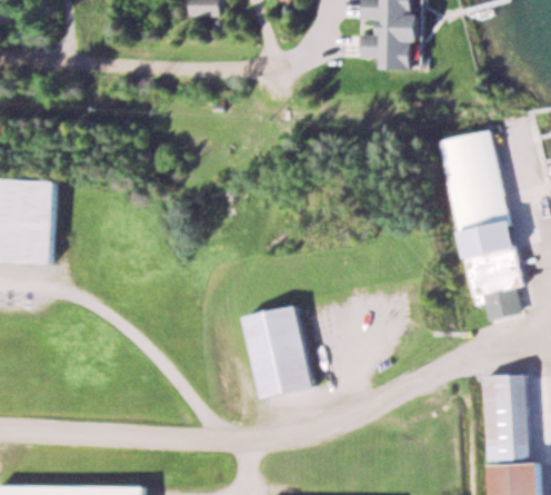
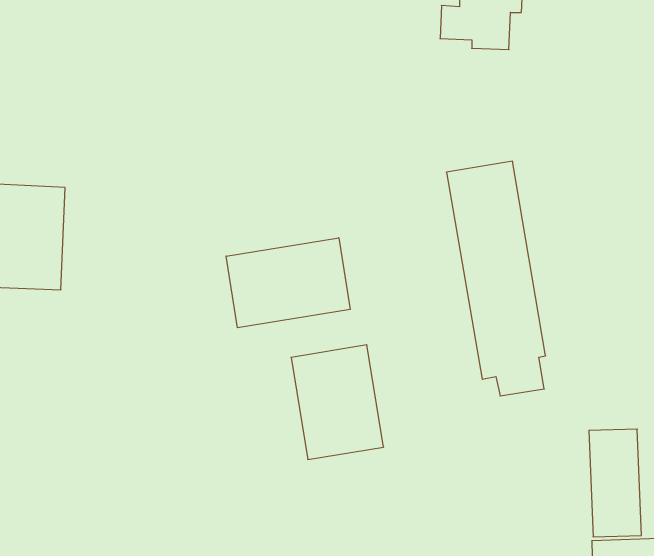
building: [440,130,520,319] -> [446,161,546,396]
building: none -> [226,238,350,328]

